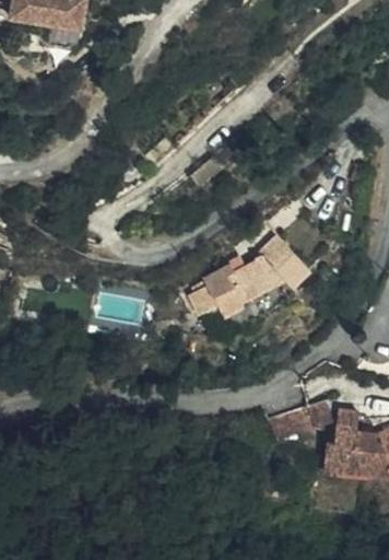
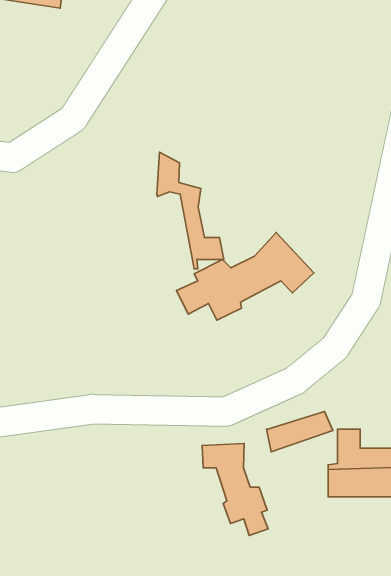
building: none -> [157,152,224,269]
building: none -> [202,444,268,535]

